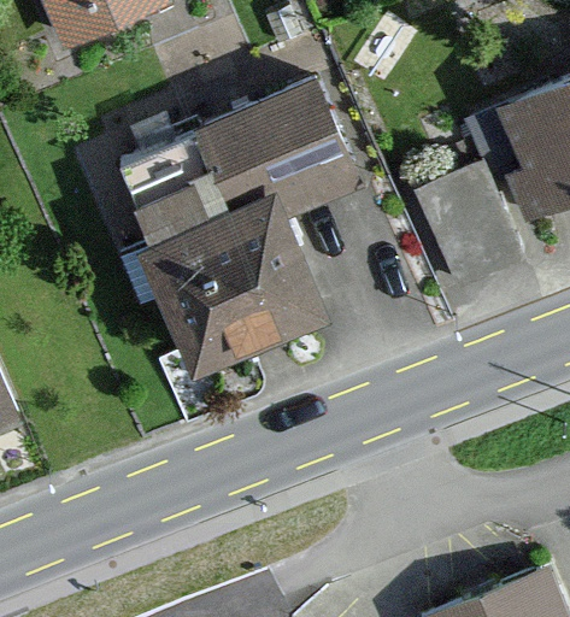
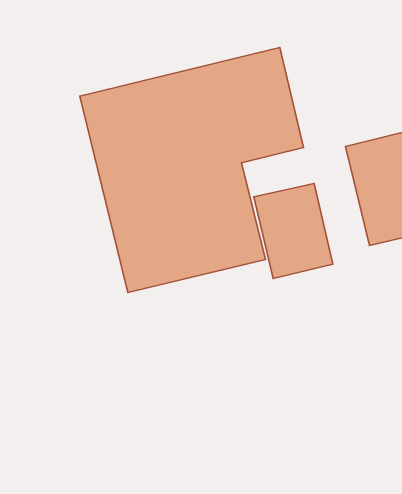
building: none -> [254,183,333,278]

